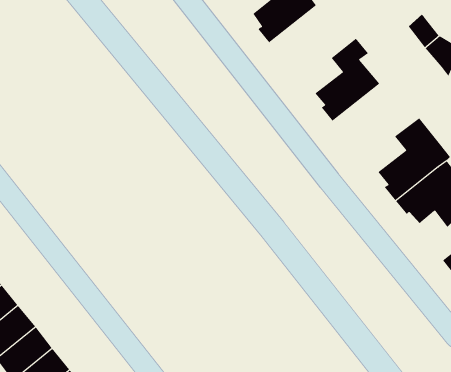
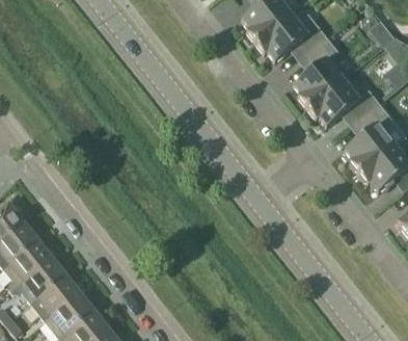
building: none -> [255,12,327,62]
building: none -> [307,77,379,128]

